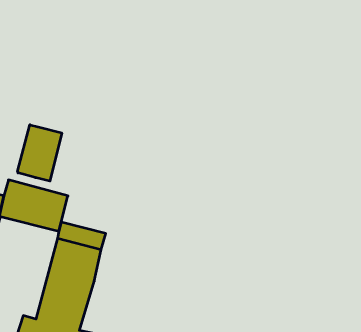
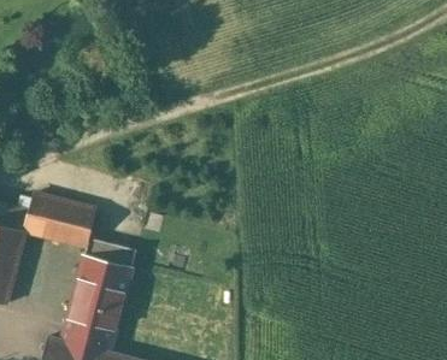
building: [18,125,62,181] -> none

